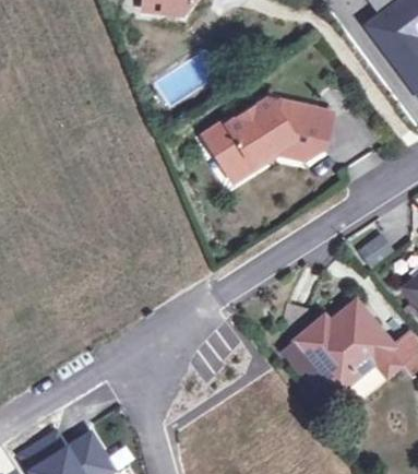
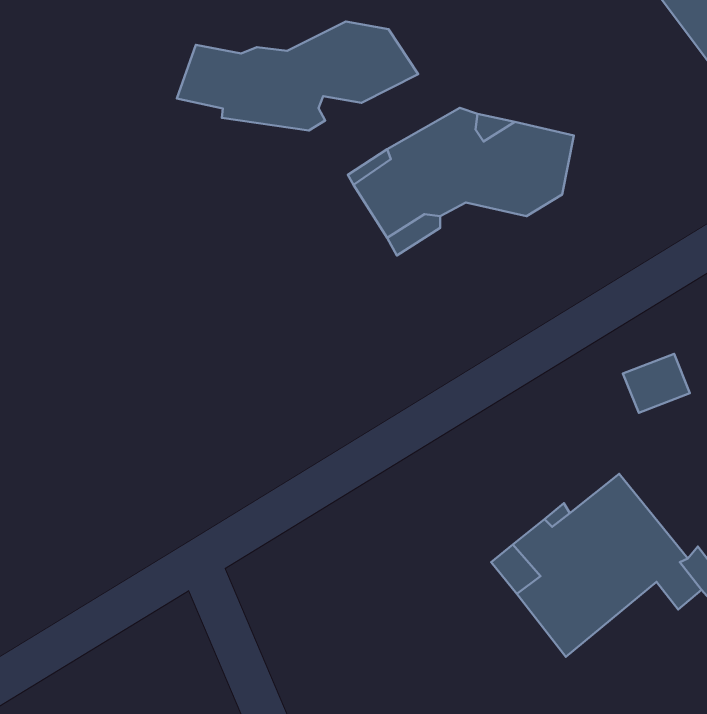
building: none -> [177,22,418,131]

